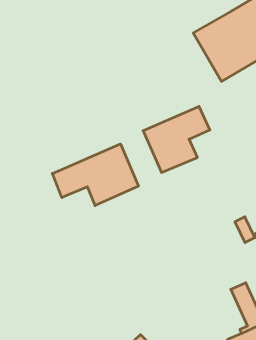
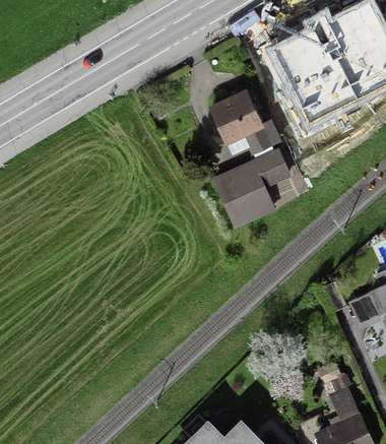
building: none -> [208,87,281,155]
building: [52,144,138,206] -> none

